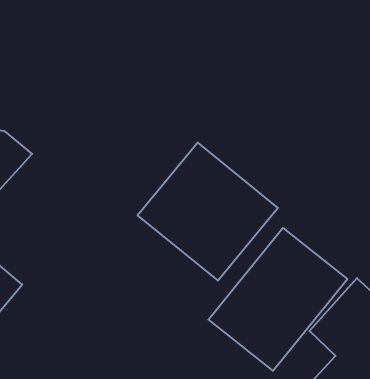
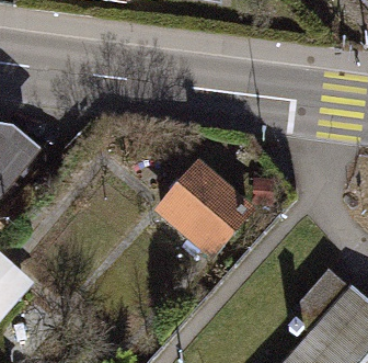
building: [208,228,347,371] -> none

